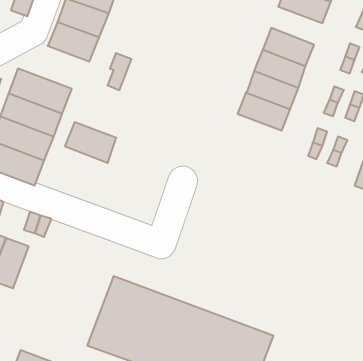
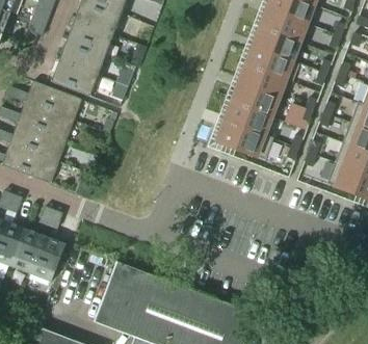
building: none -> [254,27,298,60]
building: none -> [217,121,263,156]
building: [65,122,116,163] -> [51,61,96,97]
building: none -> [29,236,64,281]

